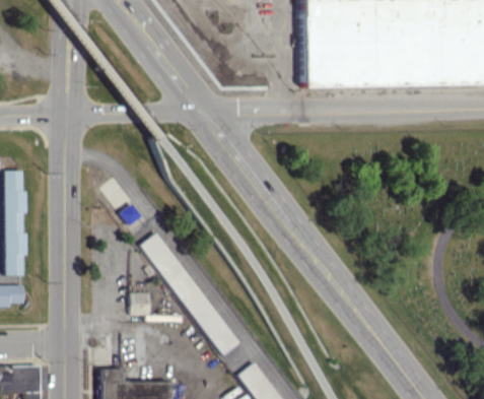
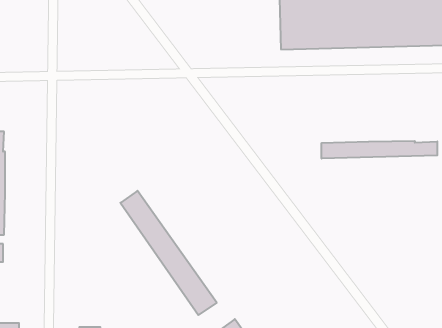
building: none -> [322,141,437,159]
building: [131,292,151,315] -> none

